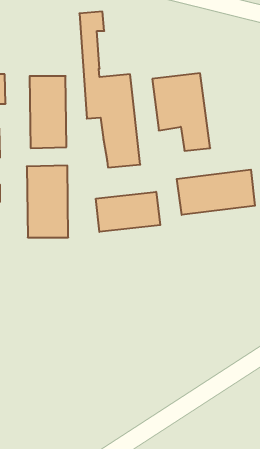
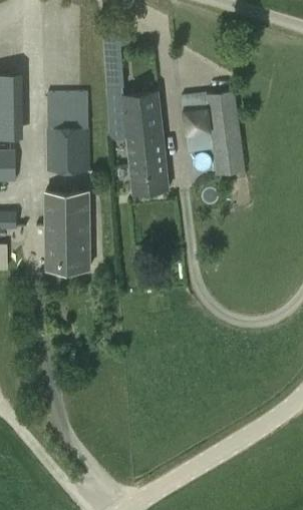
building: [177,170,255,215] -> none
building: [96,192,160,232] -> none

